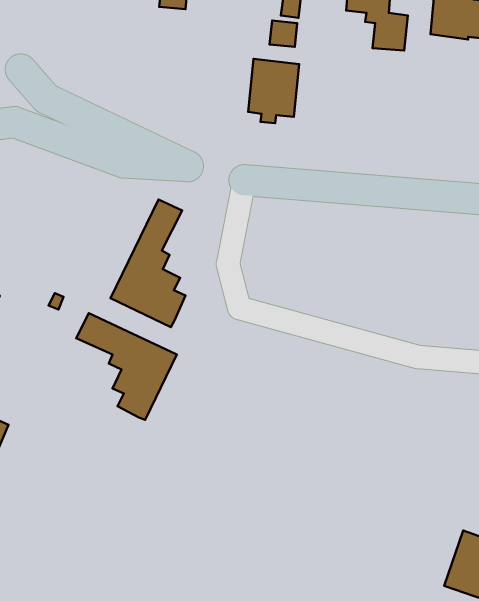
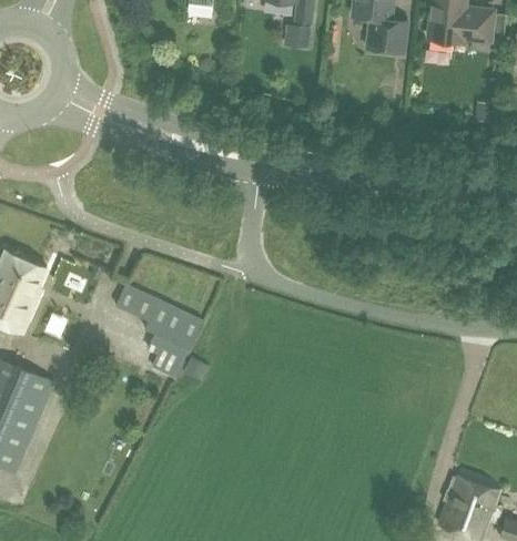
building: [248,59,299,123] -> none
building: [110,200,186,327] -> none

